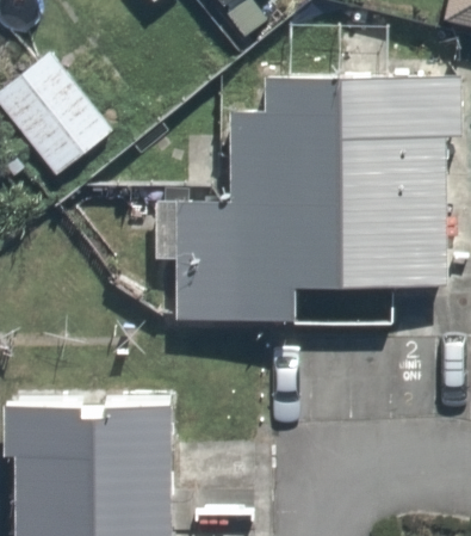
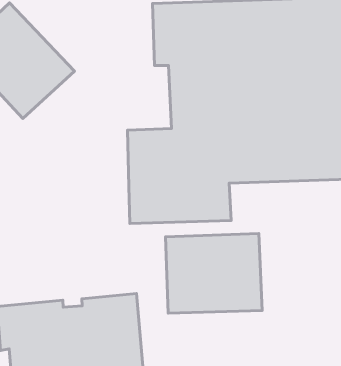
building: none -> [166,233,262,313]

